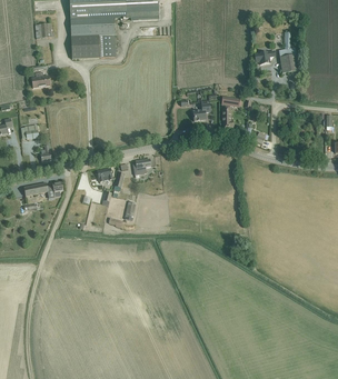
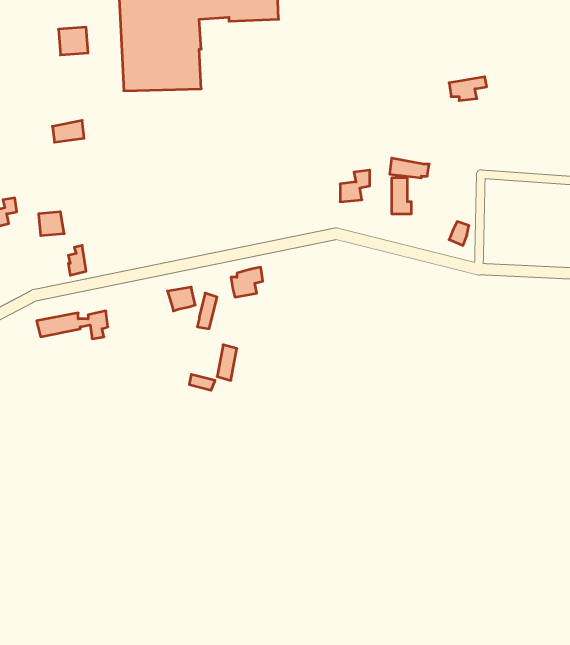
building: [279,32,299,72] -> none

